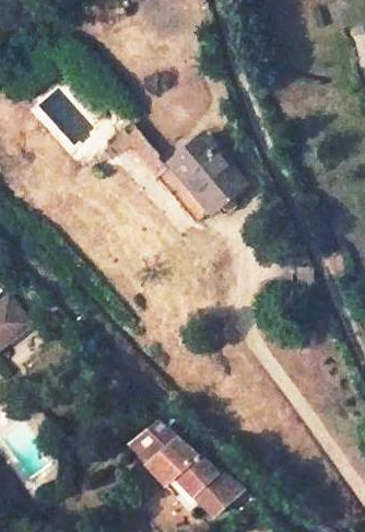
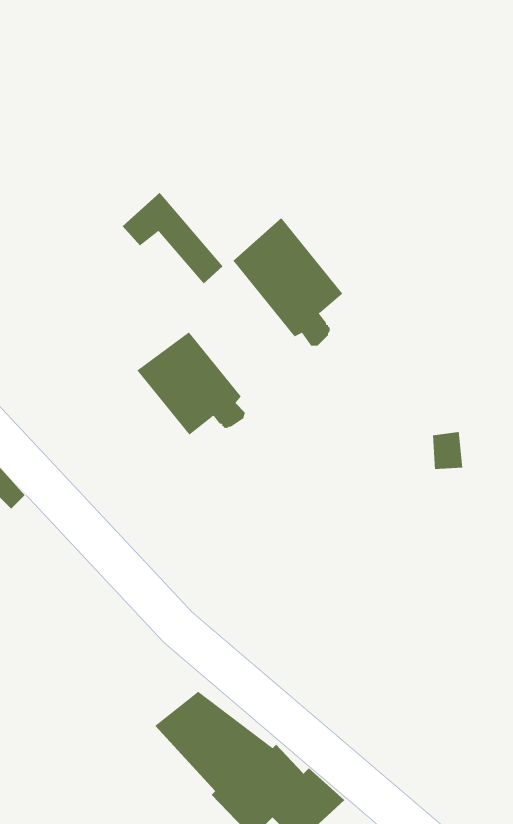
building: none -> [137,331,245,435]

